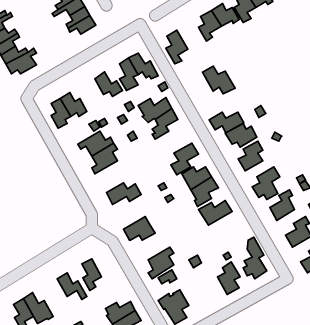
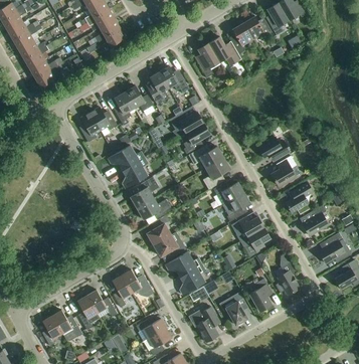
building: [202,66,235,94] -> [208,37,241,65]
building: none -> [114,93,134,126]
building: [209,112,244,133] -> [188,147,223,168]
building: none -> [130,177,159,208]
building: none -> [147,215,171,245]
building: none -> [240,227,271,257]
building: none -> [165,251,201,277]
building: none -> [122,269,154,297]
building: none -> [220,293,248,326]
building: none -> [77,296,100,330]

